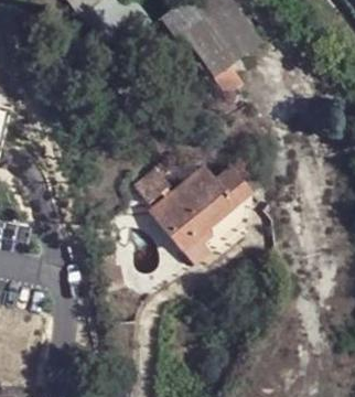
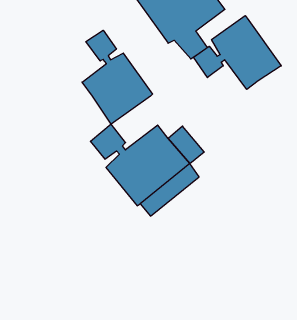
building: none -> [194,16,281,89]
building: none -> [82,30,153,124]

